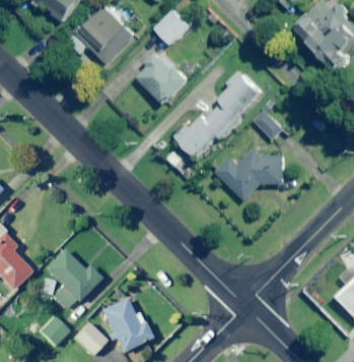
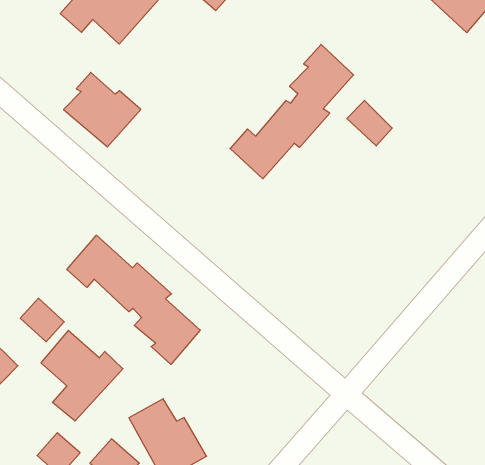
building: [140,53,191,103] -> [64,72,141,147]
building: [220,153,287,197] -> none
building: none -> [67,235,200,364]
building: none -> [20,298,64,342]

